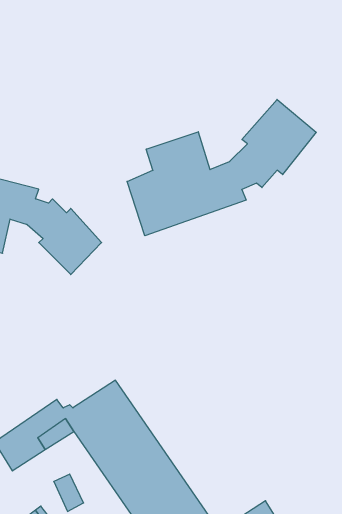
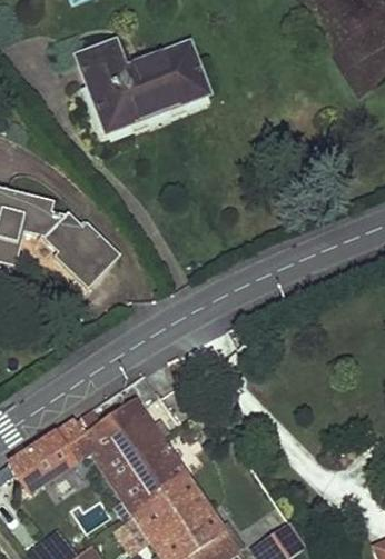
building: none -> [79,42,208,130]
building: [127,99,316,236] -> none

